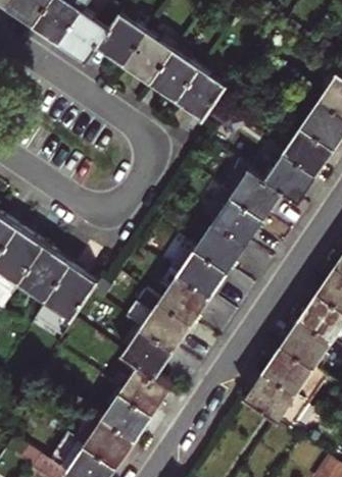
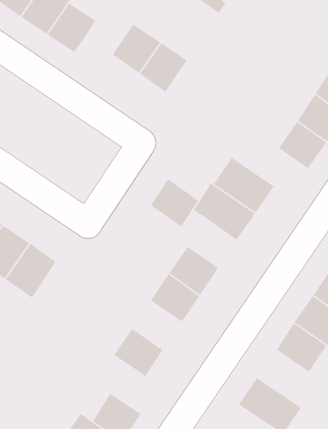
building: [96,16,142,64] -> none
building: [174,69,224,120] -> none
building: [264,155,312,202] -> none
building: [195,223,243,271] -> [150,178,199,228]
building: [31,265,95,337] -> none
building: [124,303,190,351] -> none
building: [262,351,324,407] -> none
building: [119,366,168,413] -> none

